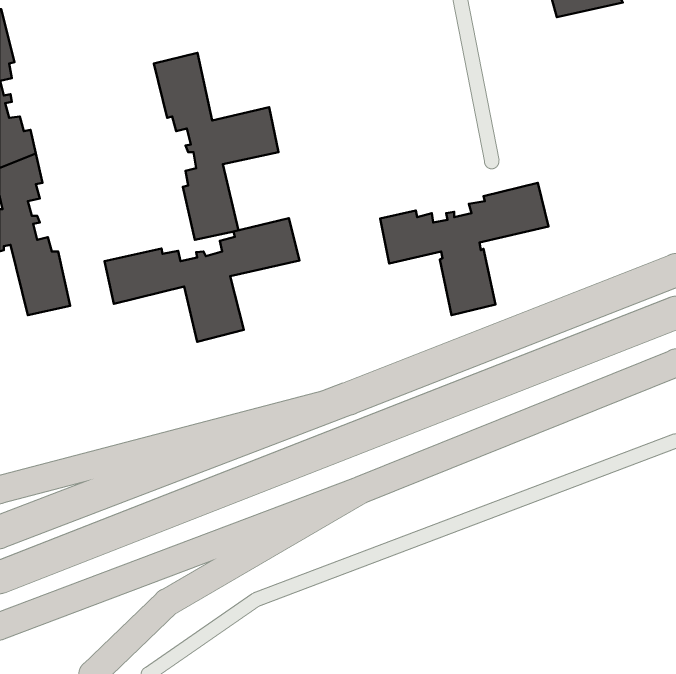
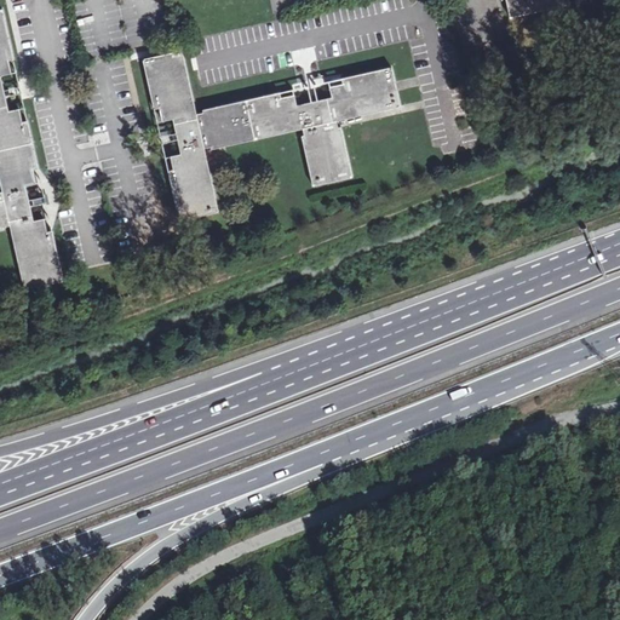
building: [380,183,548,315] -> [246,65,400,186]
building: [104,218,300,342] -> none

